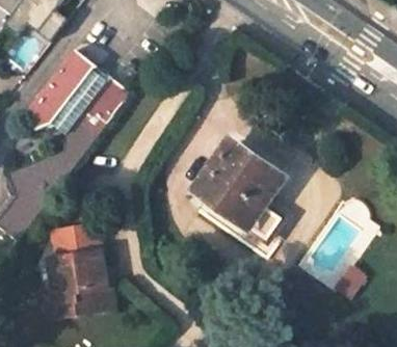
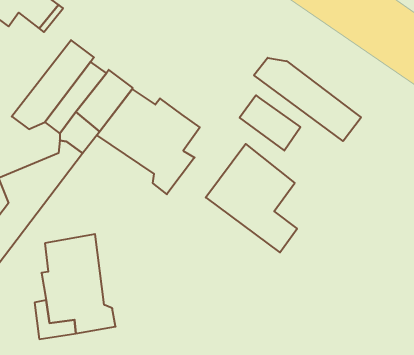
building: none -> [254,58,361,141]
building: none -> [97,89,200,194]
building: none -> [240,95,300,151]

